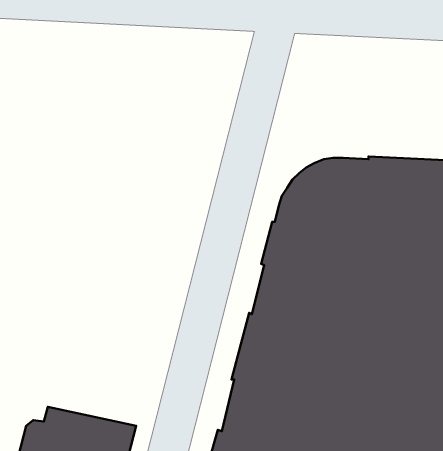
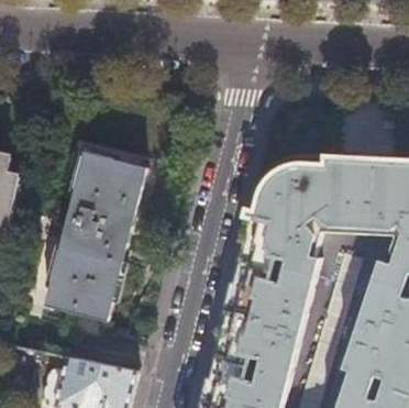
building: none -> [49,151,151,322]

